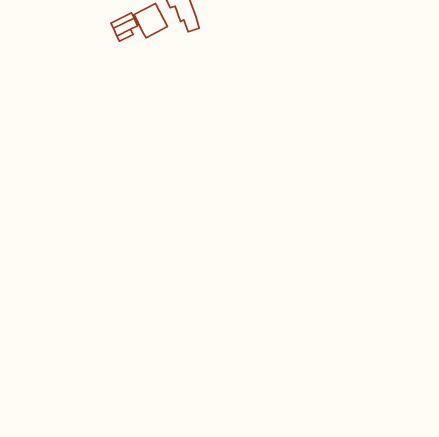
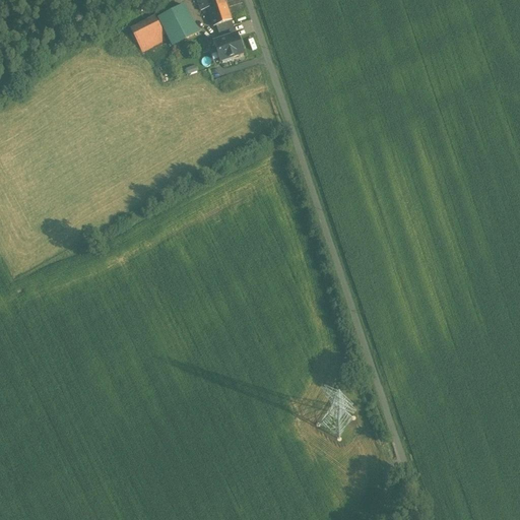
building: none -> [214,34,243,61]

